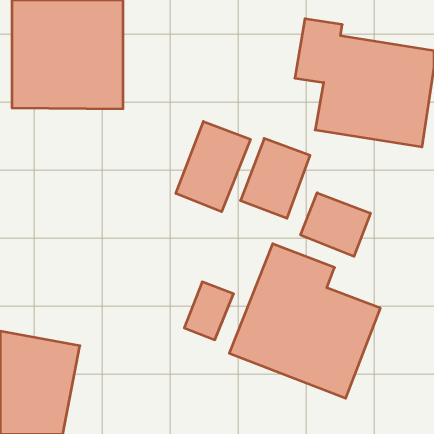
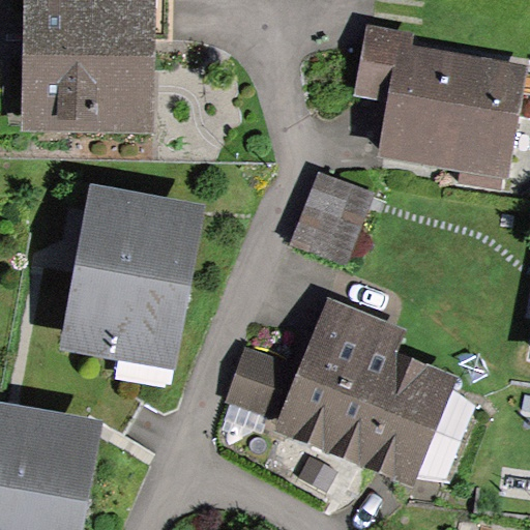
building: [176,121,250,212] -> none
building: none -> [52,185,200,371]
building: [301,193,370,256] -> none

